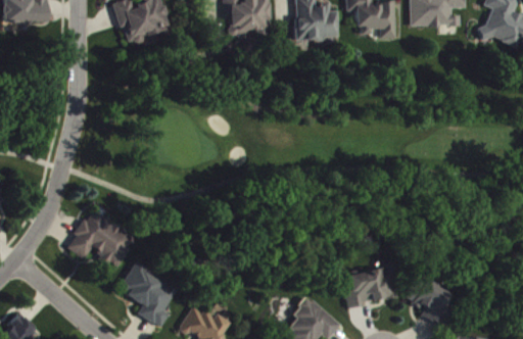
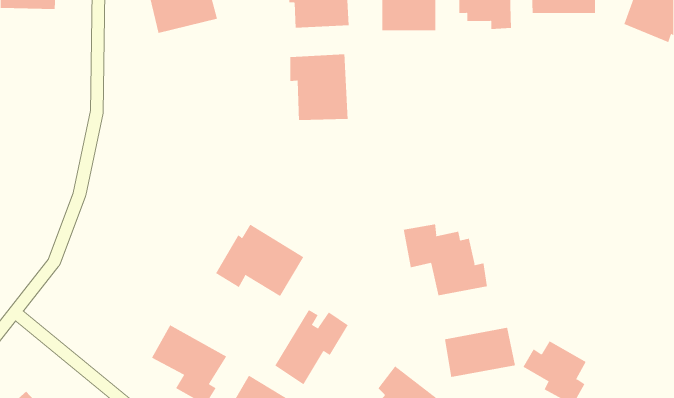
building: none -> [290,53,348,121]
building: none -> [403,223,488,296]
building: [64,210,133,267] -> [215,224,304,297]
building: none -> [274,309,348,385]

